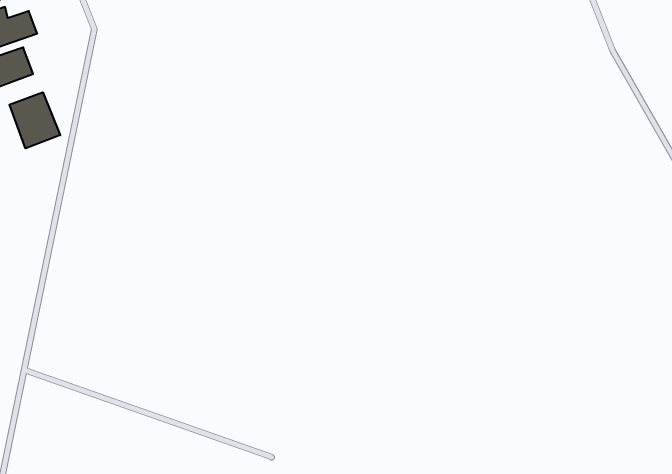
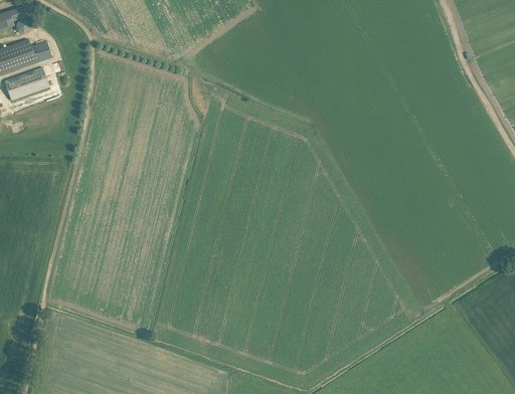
building: [9,92,60,148] -> none

